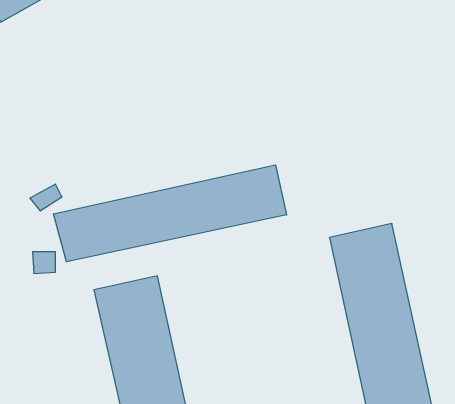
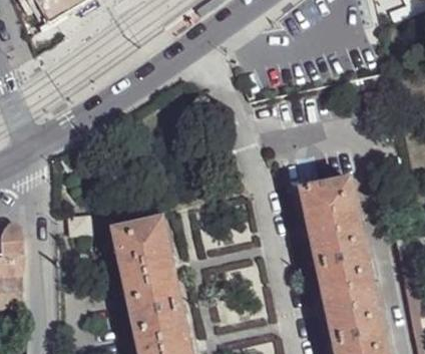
building: [54,165,287,262] -> none

